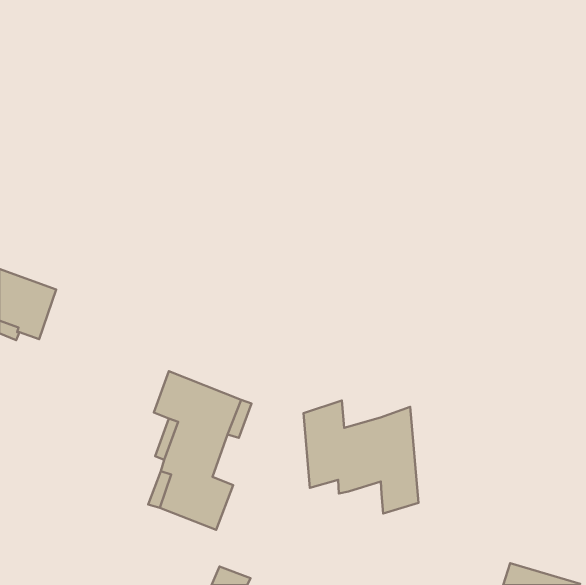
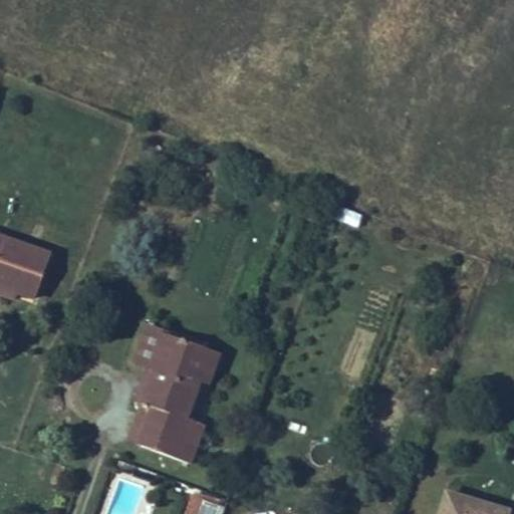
building: [304,400,419,513] -> none

